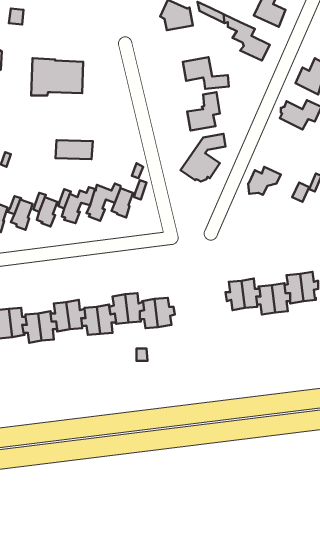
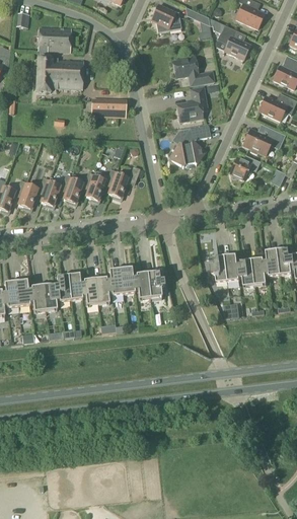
building: none -> [39,26,71,52]
building: none -> [243,128,285,154]
building: [55,140,93,159] -> [92,98,126,116]

